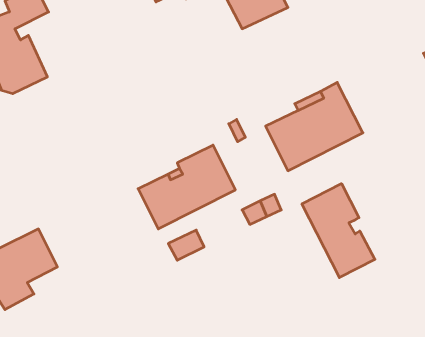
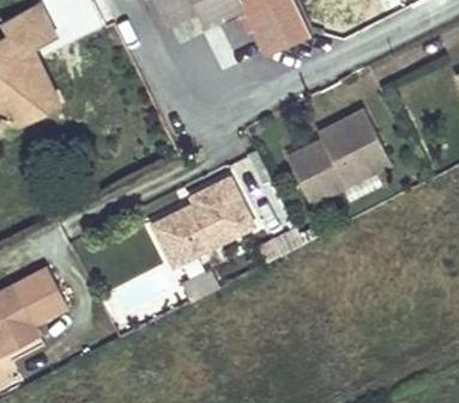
building: [302,184,375,278] -> none

